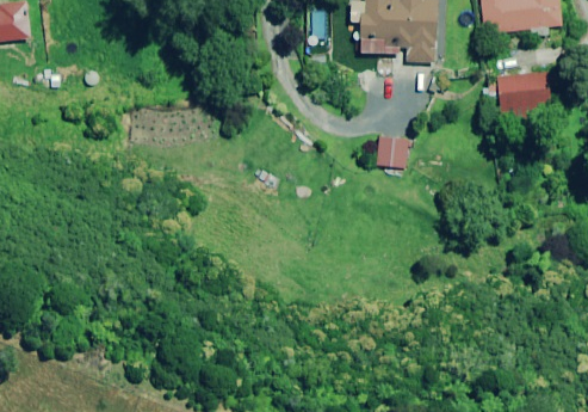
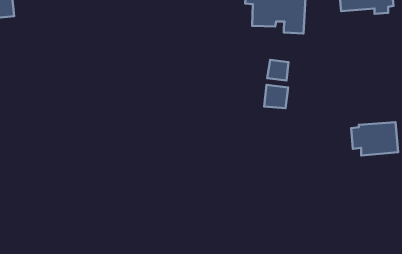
building: [487,72,552,118] -> [351,122,398,156]
building: none -> [267,60,289,80]

